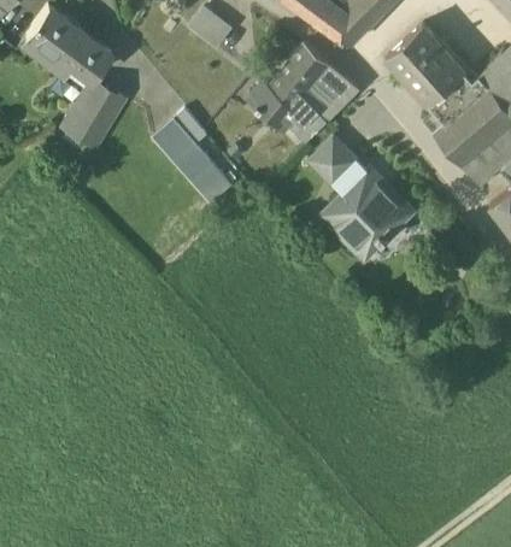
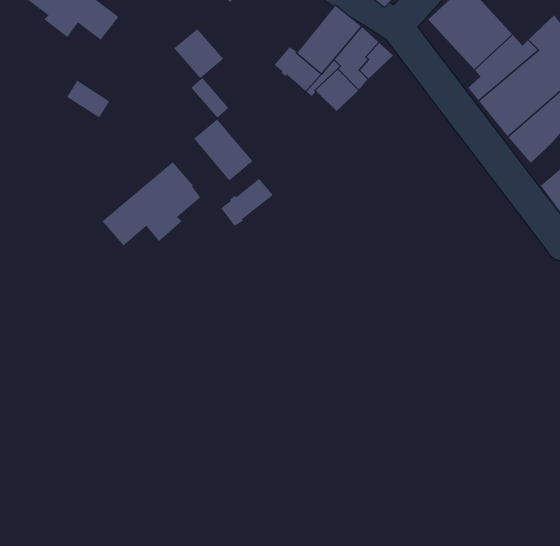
building: [72,81,122,131] -> none
building: [153,119,199,165] -> [173,28,224,79]
building: [311,137,357,184] -> none
building: [323,169,412,259] -> none
building: none -> [102,161,201,246]
building: none -> [220,178,274,227]

